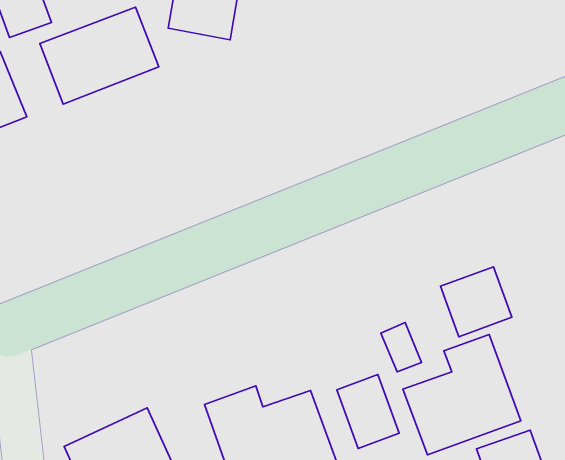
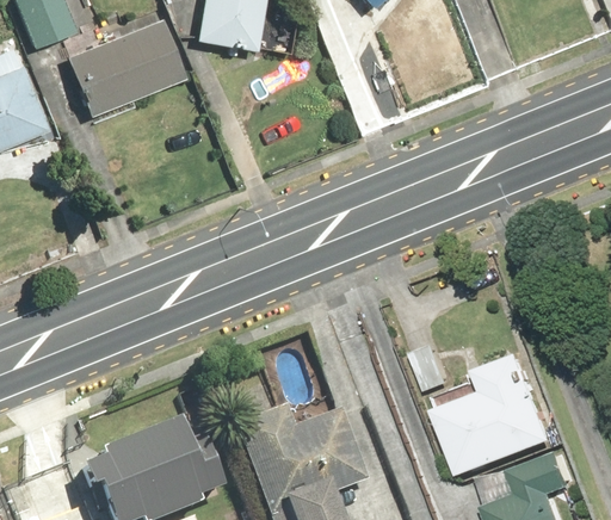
building: [441,267,512,337] -> none
building: [337,375,399,448] -> none

